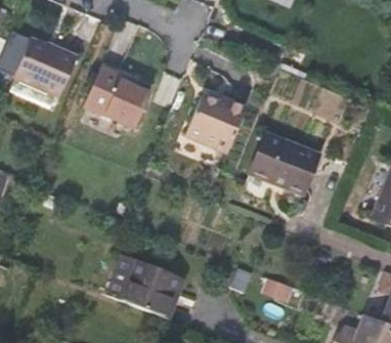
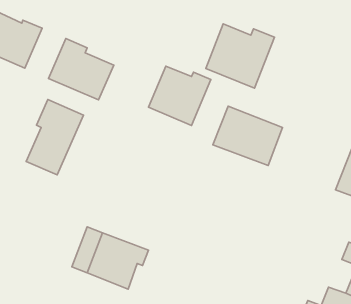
building: none -> [206,24,274,88]
building: none -> [26,100,84,175]

